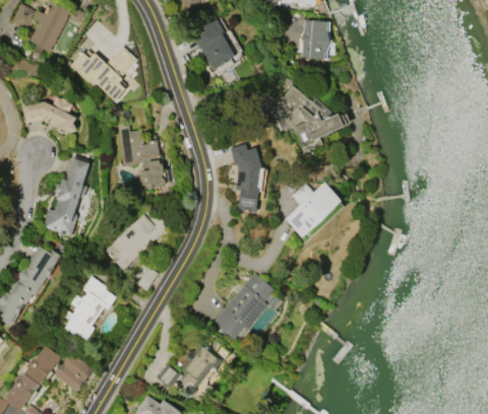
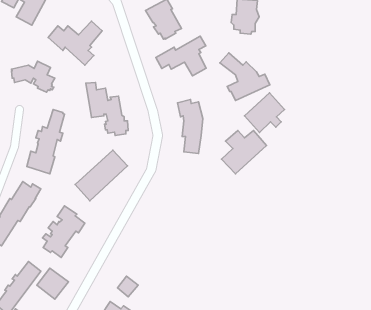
building: none -> [156,36,206,76]
building: none -> [245,93,285,132]
building: [212,273,274,339] -> none
building: [177,344,222,396] -> none

